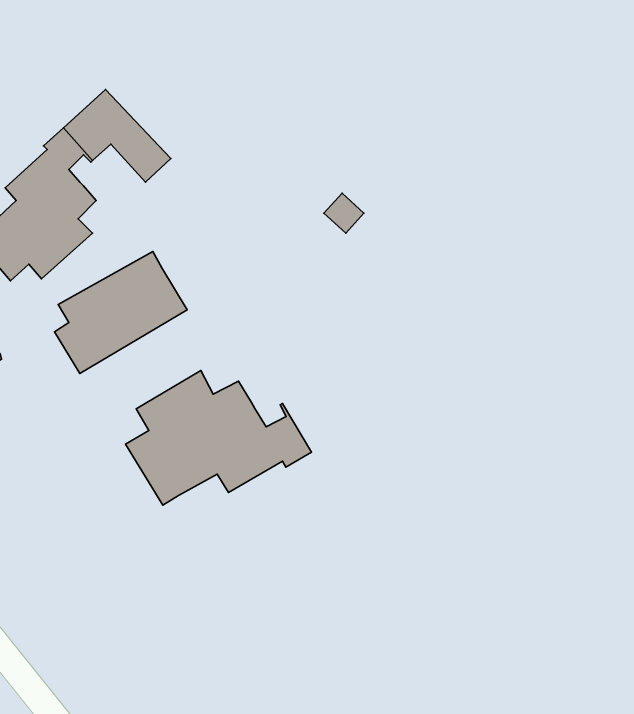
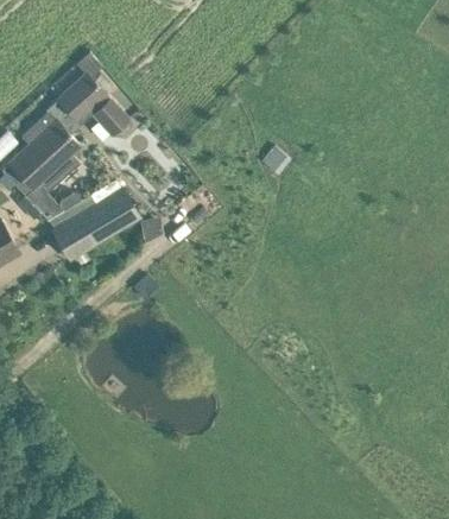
building: [126,371,312,505] -> none

